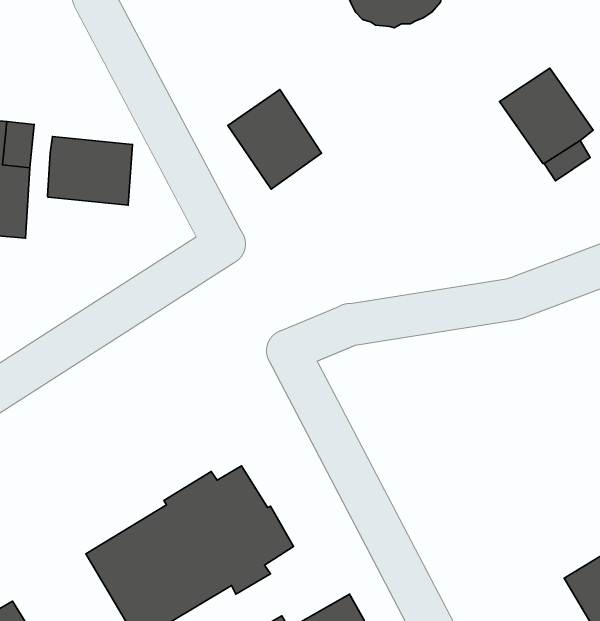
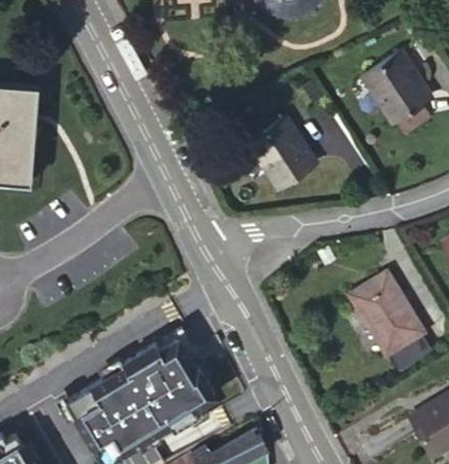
building: [228,90,322,189] -> [249,118,316,189]
building: [48,137,132,205] -> none
building: none -> [352,273,430,370]

